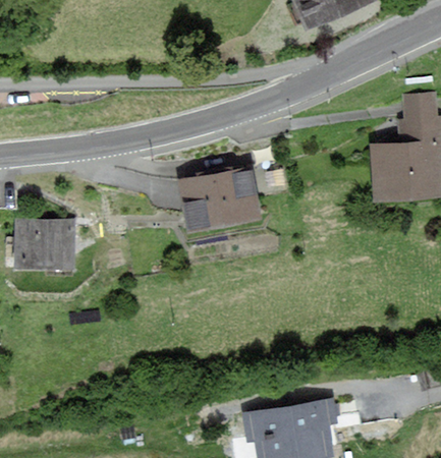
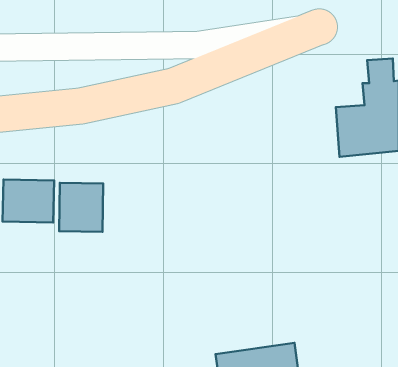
building: [180,169,259,232] -> none
building: none -> [59,183,103,232]

